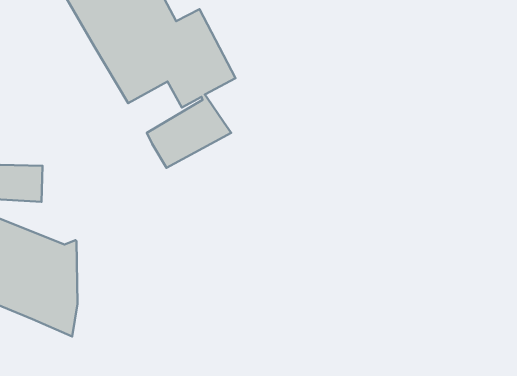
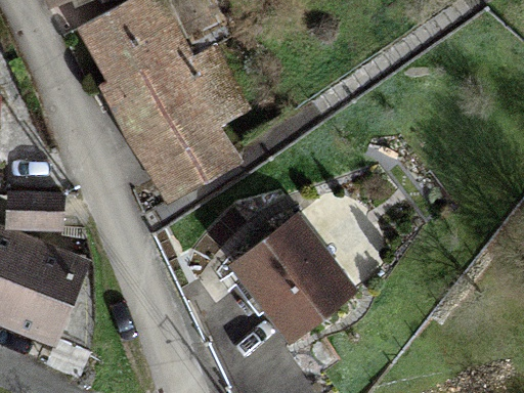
building: none -> [231,216,351,339]

